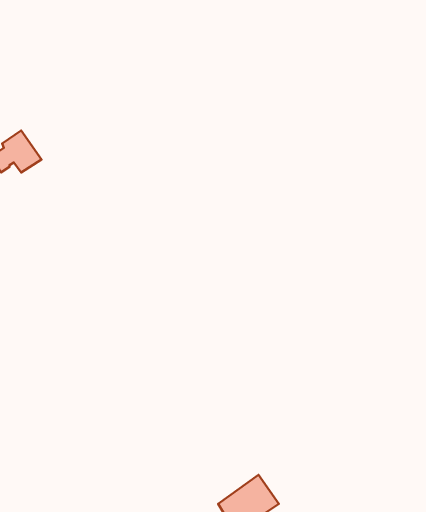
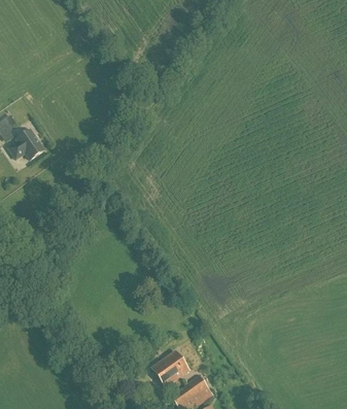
building: none -> [150,349,187,385]

